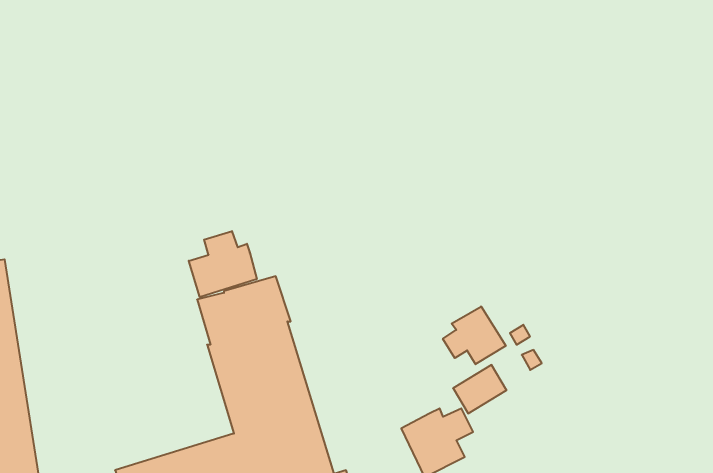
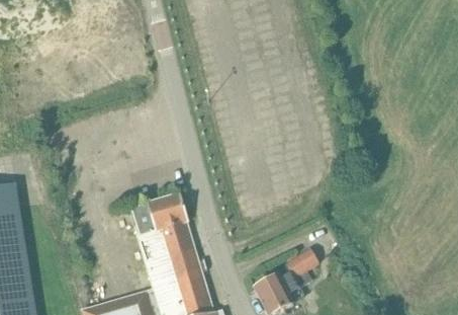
building: [189,231,257,297] -> none
building: [443,306,506,364] -> none

